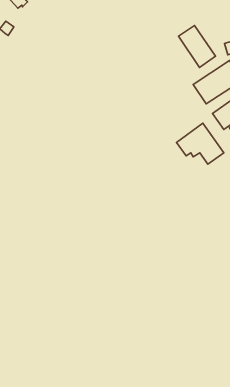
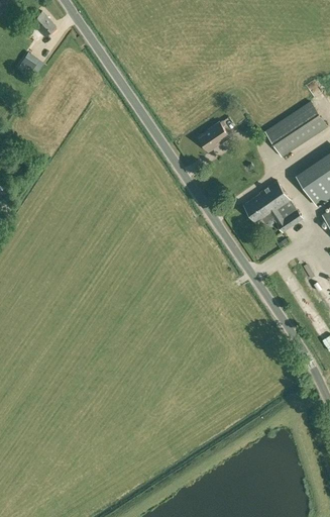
building: [179,26,216,68] -> none
building: none -> [199,122,229,151]

